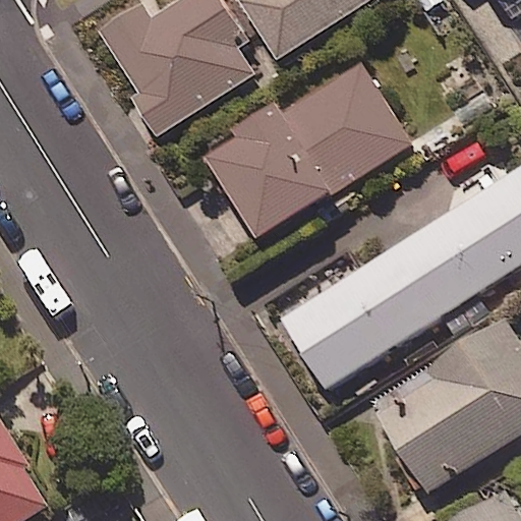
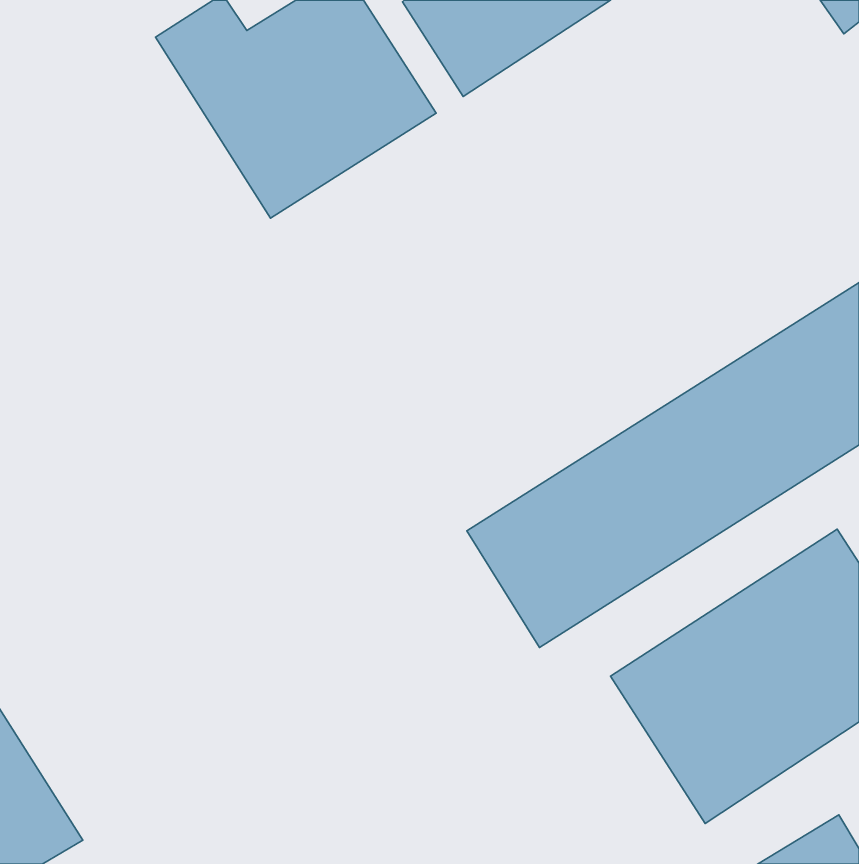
building: [207,61,410,237] -> none

